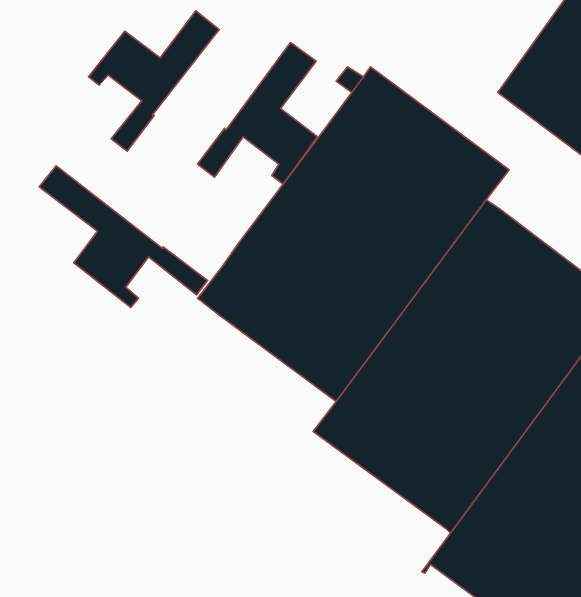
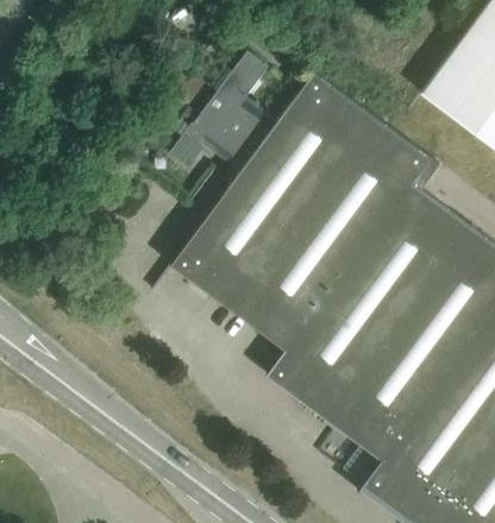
building: [89,11,219,151] -> none
building: [39,166,208,308] -> none

